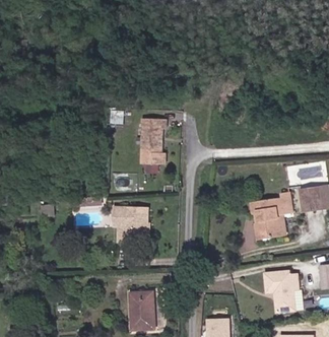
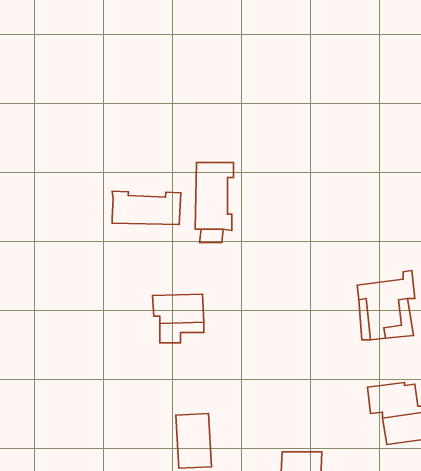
building: none -> [112,191,181,225]

